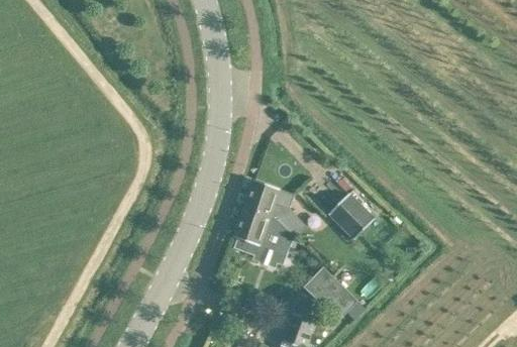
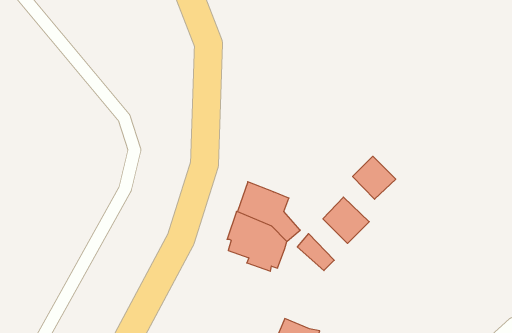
building: none -> [353,156,396,199]
building: [320,275,356,312] -> [297,234,334,271]

